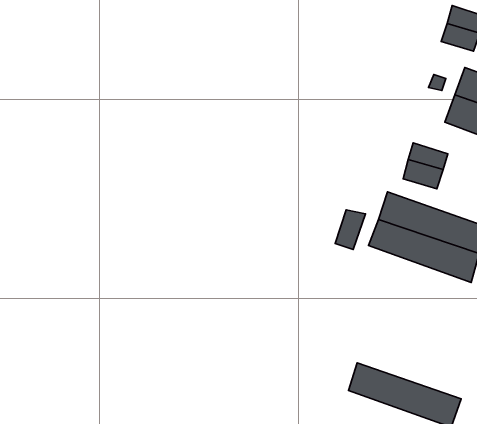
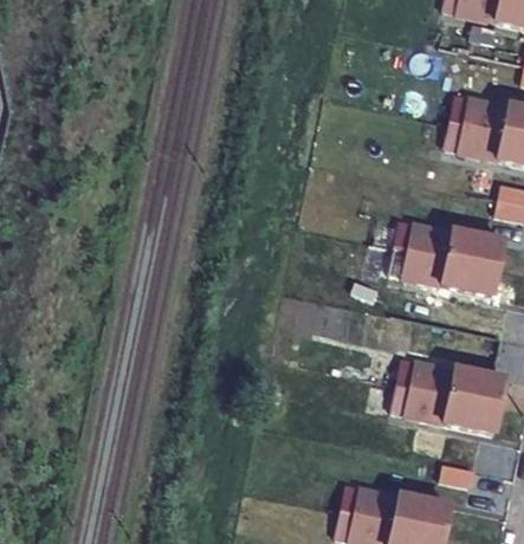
building: none -> [397,358,506,404]

